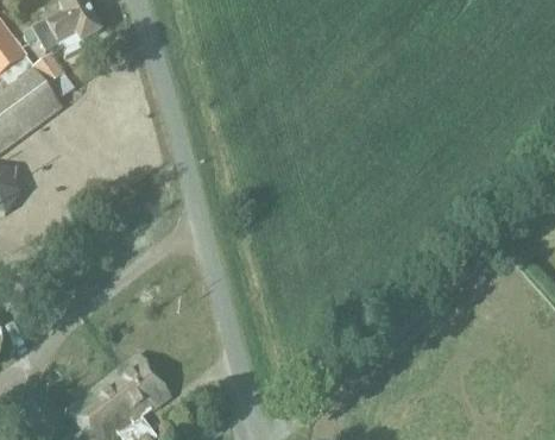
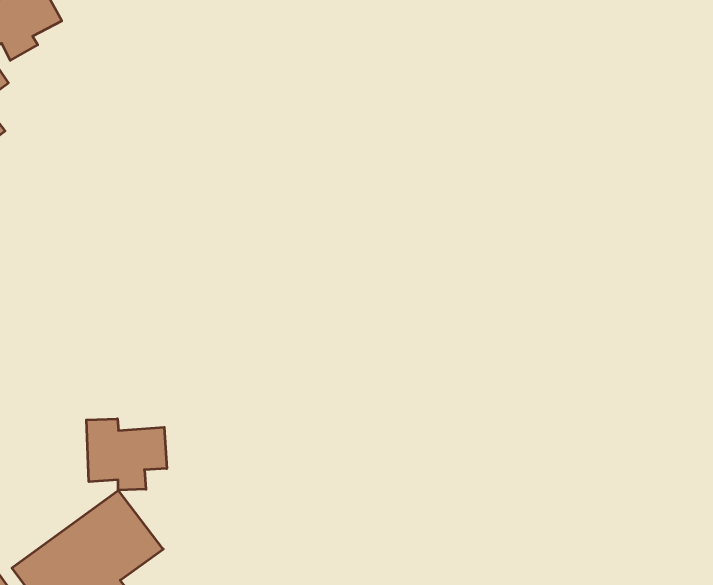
building: none -> [86,419,167,490]

